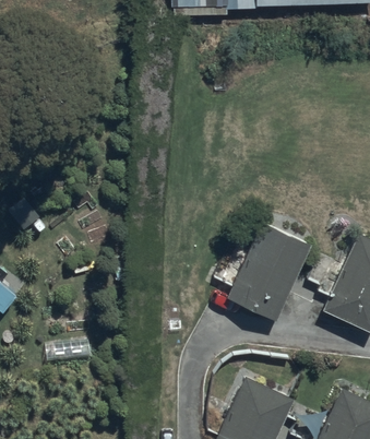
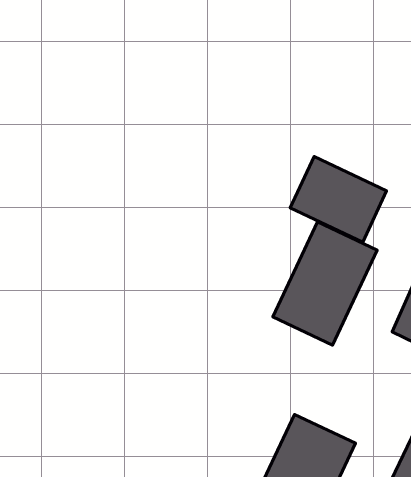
building: none -> [290,157,387,242]

